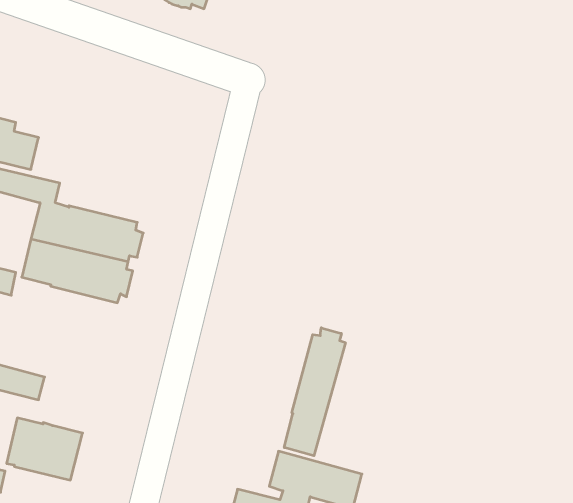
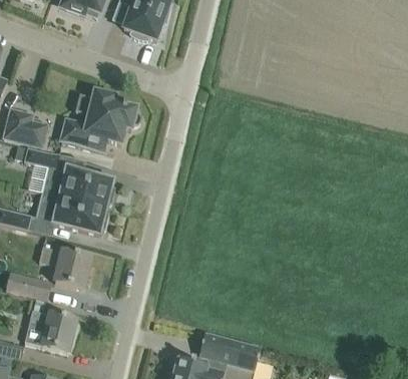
building: none -> [61,92,140,154]
building: none -> [31,239,90,290]
building: [284,328,345,456] -> none

